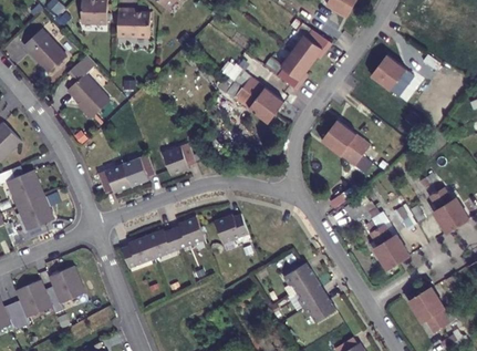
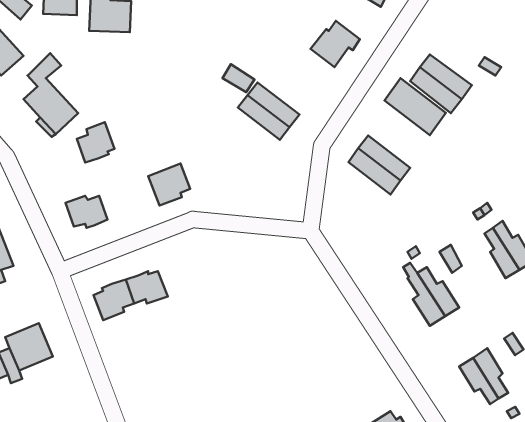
building: [278,51,311,91] -> none
building: none -> [384,78,446,135]
building: [125,154,155,186] -> [77,122,115,163]
building: [211,213,246,242] -> none
building: [172,215,203,247] -> none
building: [286,262,339,323] -> none

